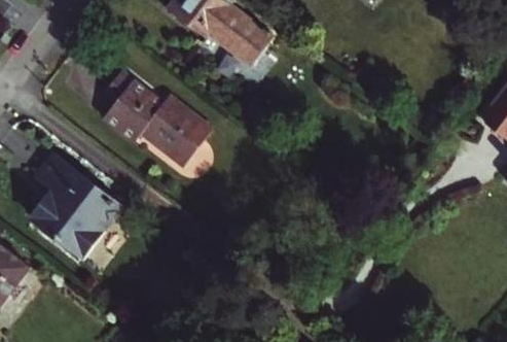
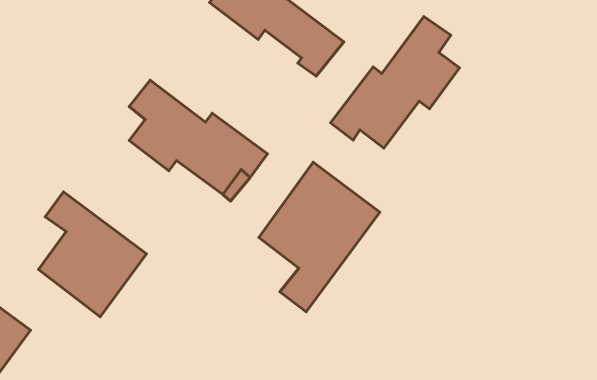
building: none -> [331,16,459,148]
building: none -> [259,162,380,312]

